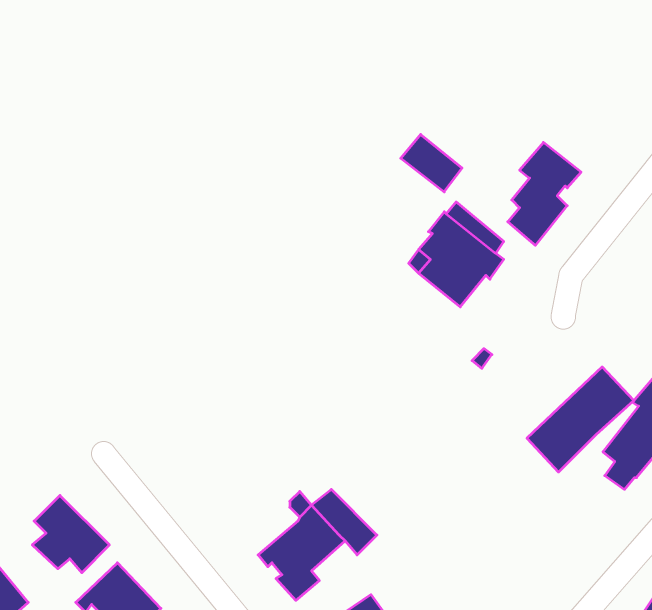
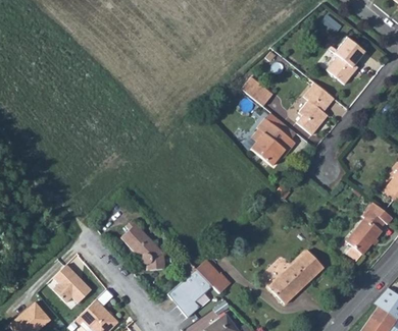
building: none -> [327,38,365,85]
building: [527,367,634,472] -> [268,251,324,305]
building: none -> [120,220,164,269]

